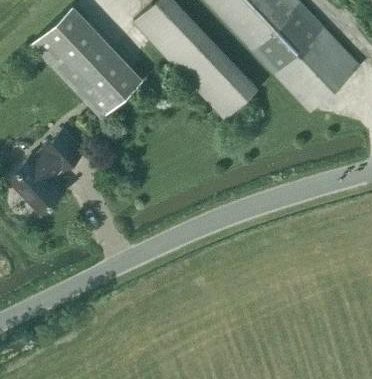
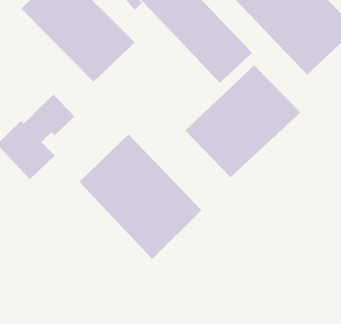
building: none -> [185,65,301,178]
building: none -> [78,133,202,260]

